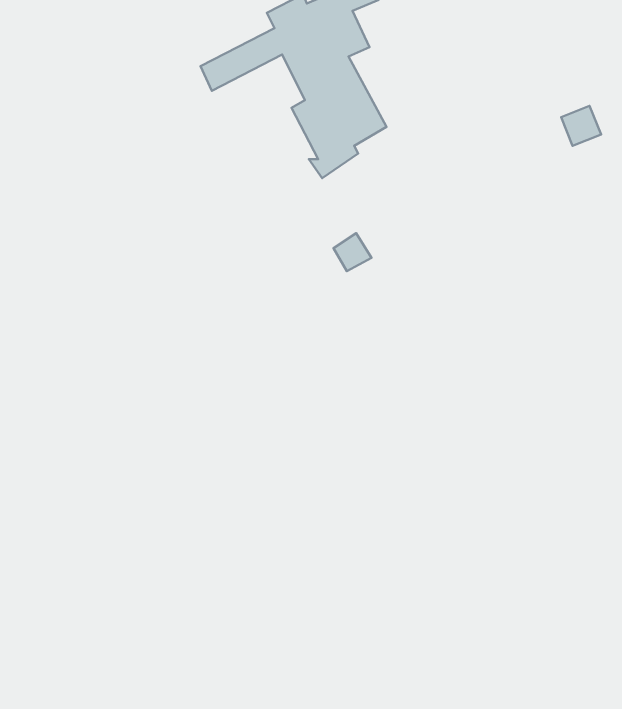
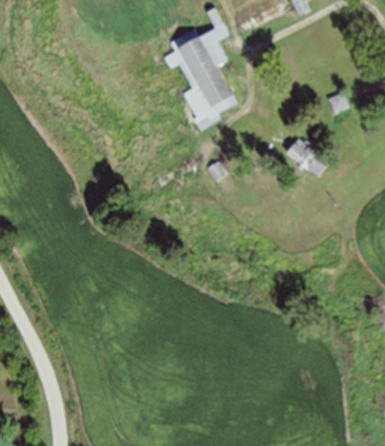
building: none -> [286,137,326,176]

